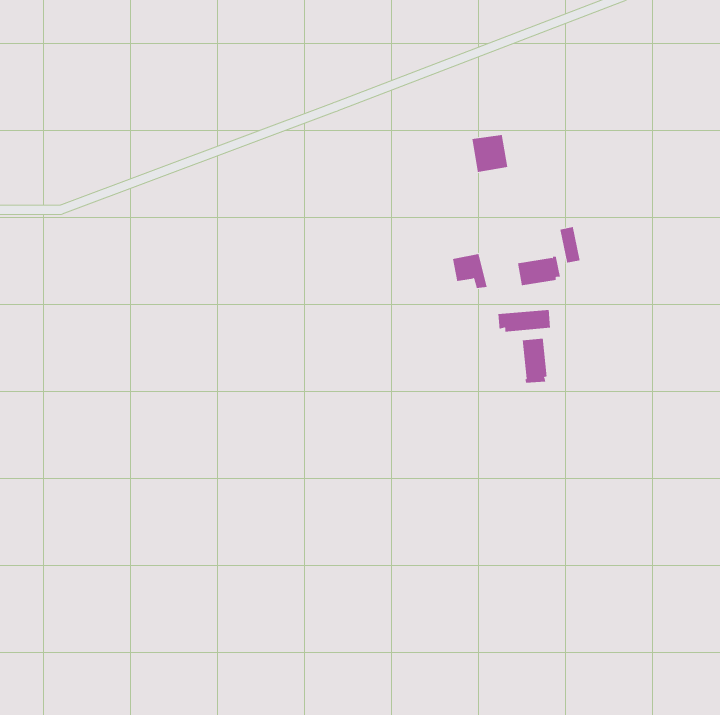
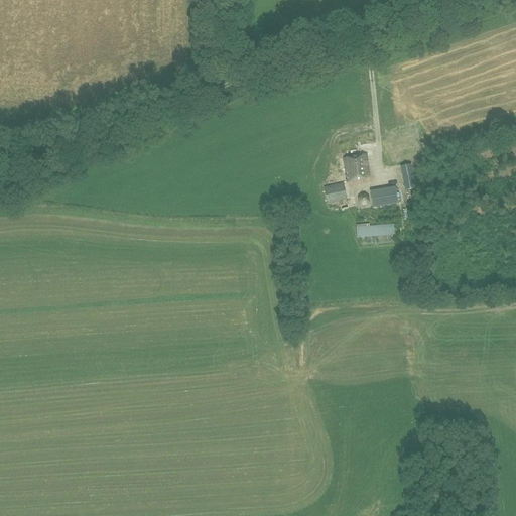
building: [471,135,508,173] -> [343,153,369,180]
building: [522,338,547,383] -> none

